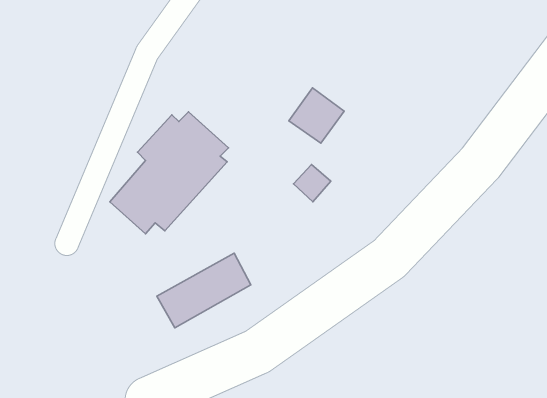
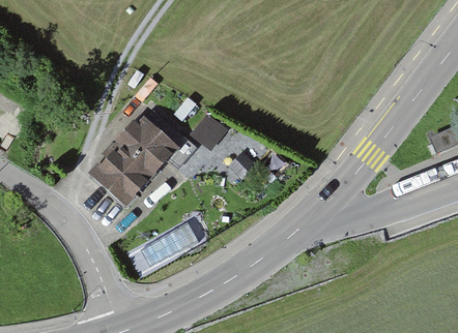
building: [289,88,344,143] -> [187,113,228,154]

